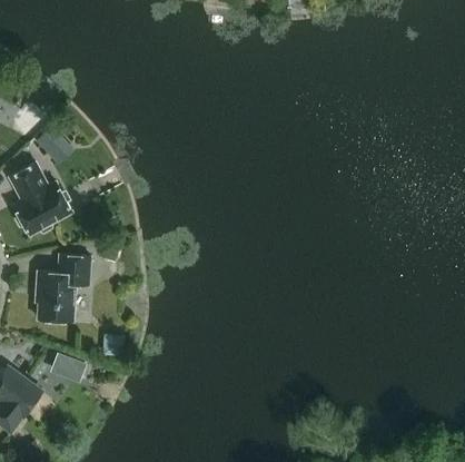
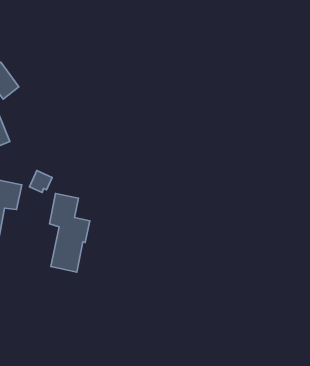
building: none -> [50,193,90,272]

